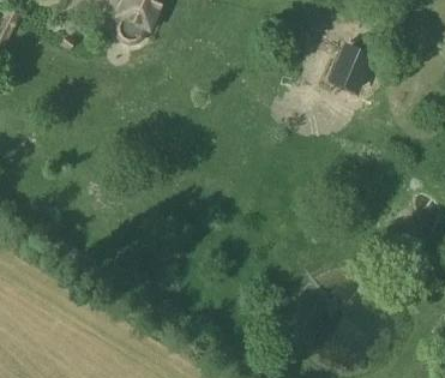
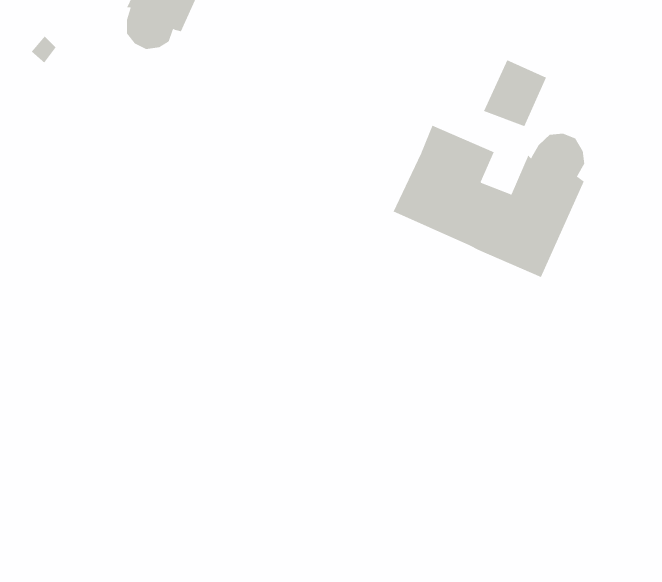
building: none -> [393,125,585,278]

